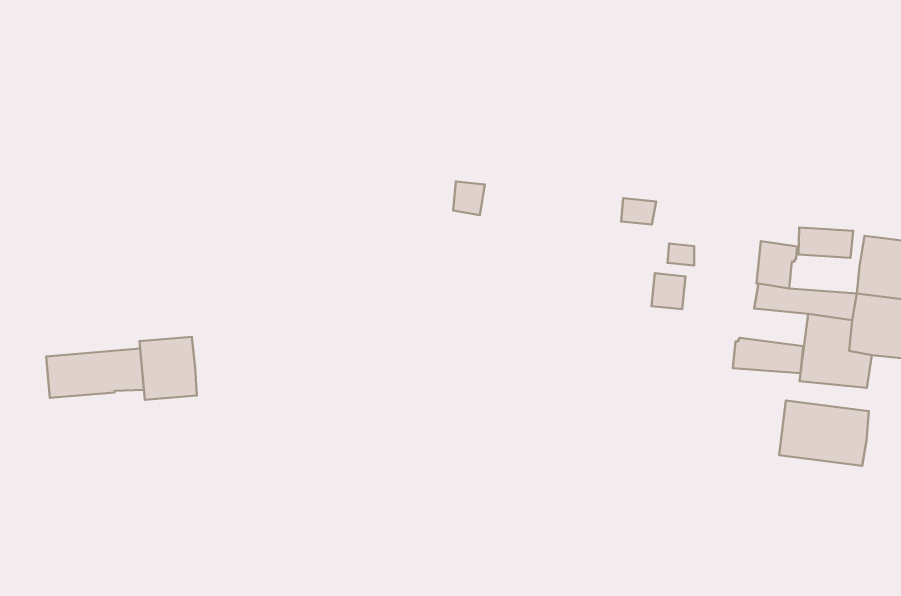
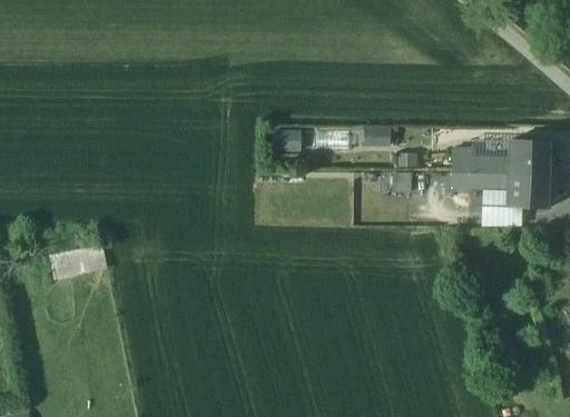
building: [140,337,197,400] -> none
building: [733,338,803,373] -> [470,156,509,173]
building: [779,400,869,466] -> none

